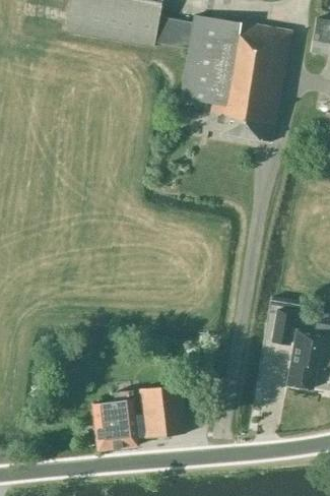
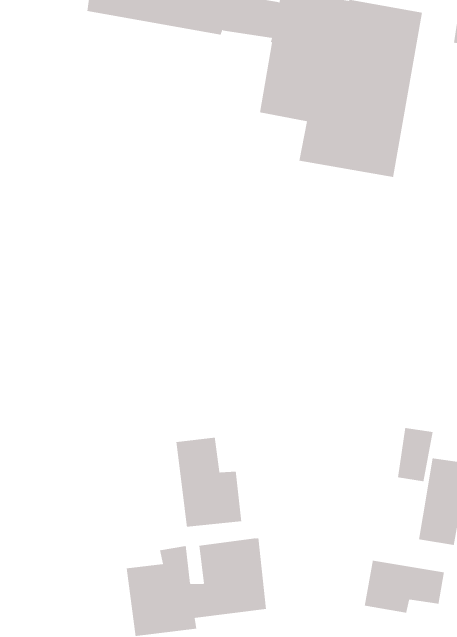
building: none -> [176,437,242,528]
building: none -> [364,560,444,614]

